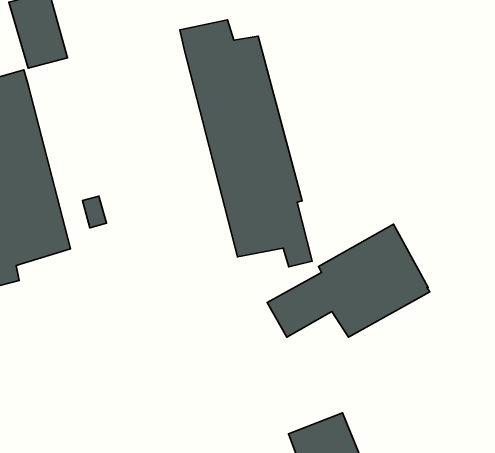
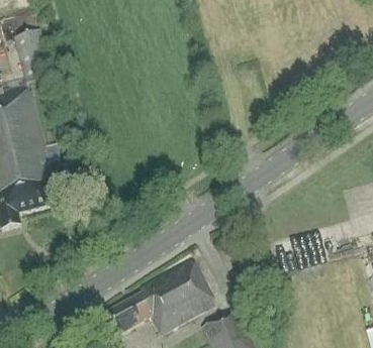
building: [180,20,312,267] -> none
building: [267,224,430,337] -> [108,258,217,334]

